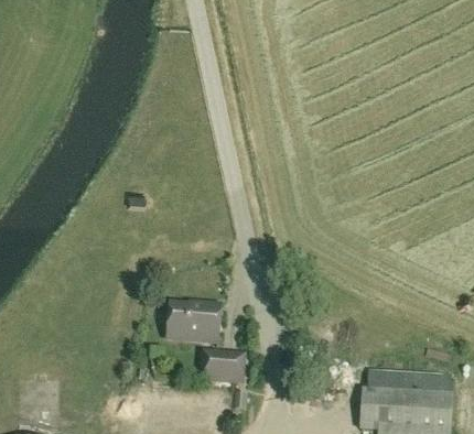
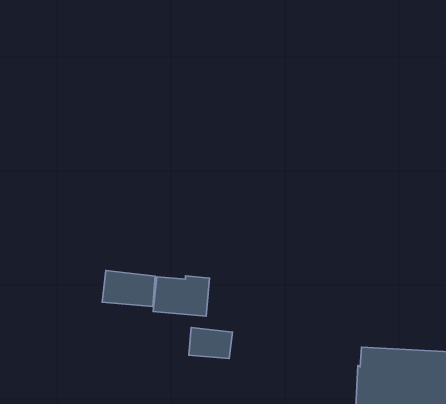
building: none -> [102,271,155,307]

